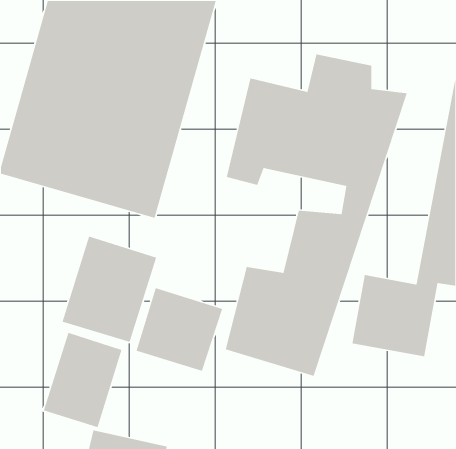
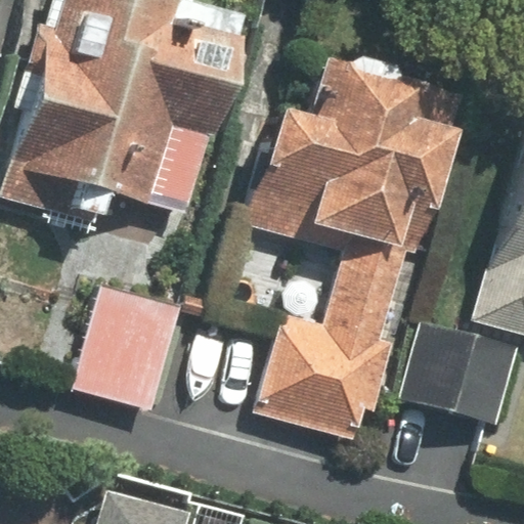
building: [135,287,223,372] -> none
building: [43,332,122,428] -> none

